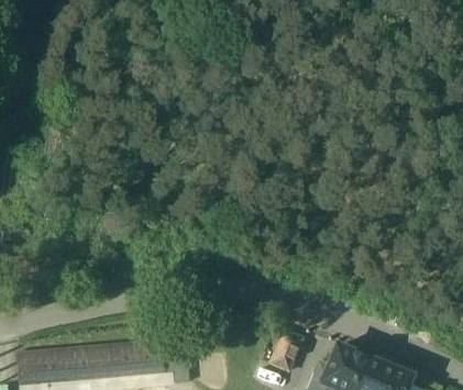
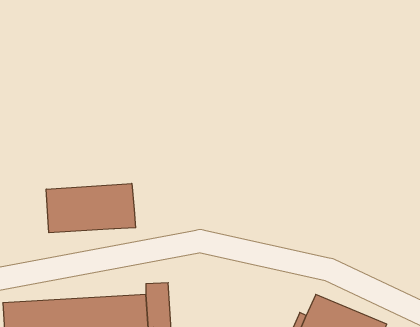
building: none -> [46,183,136,233]
building: [271,328,302,368] -> none

